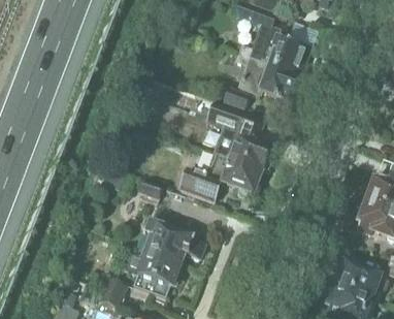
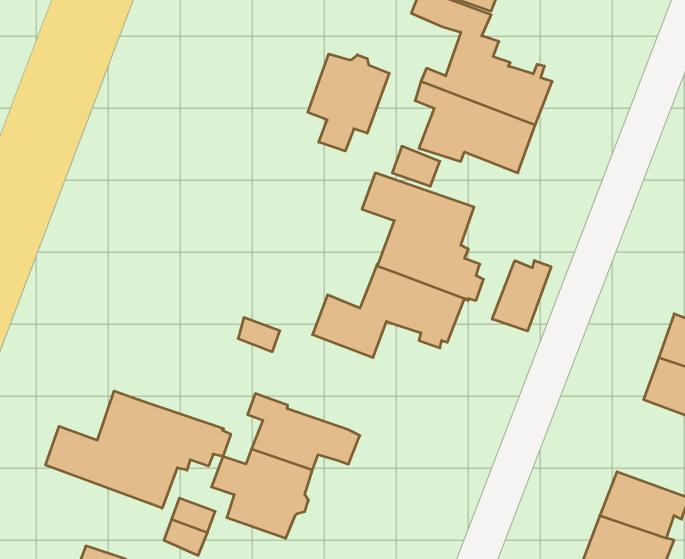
building: none -> [308,54,389,151]
building: none -> [492,260,551,331]
building: none -> [46,391,231,508]

